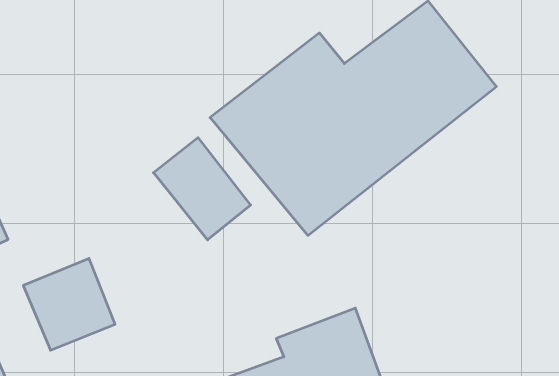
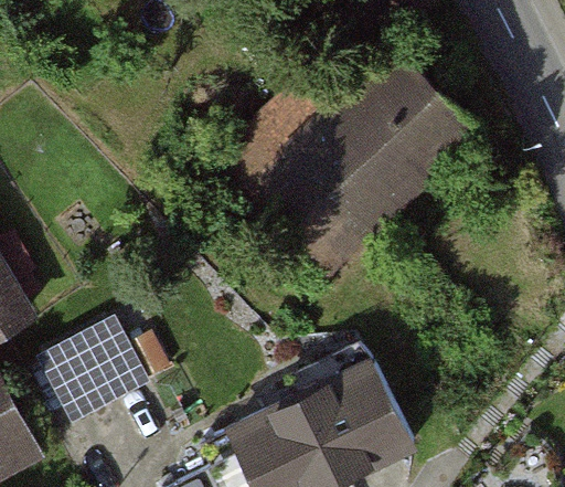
building: [153,138,251,240] -> none

